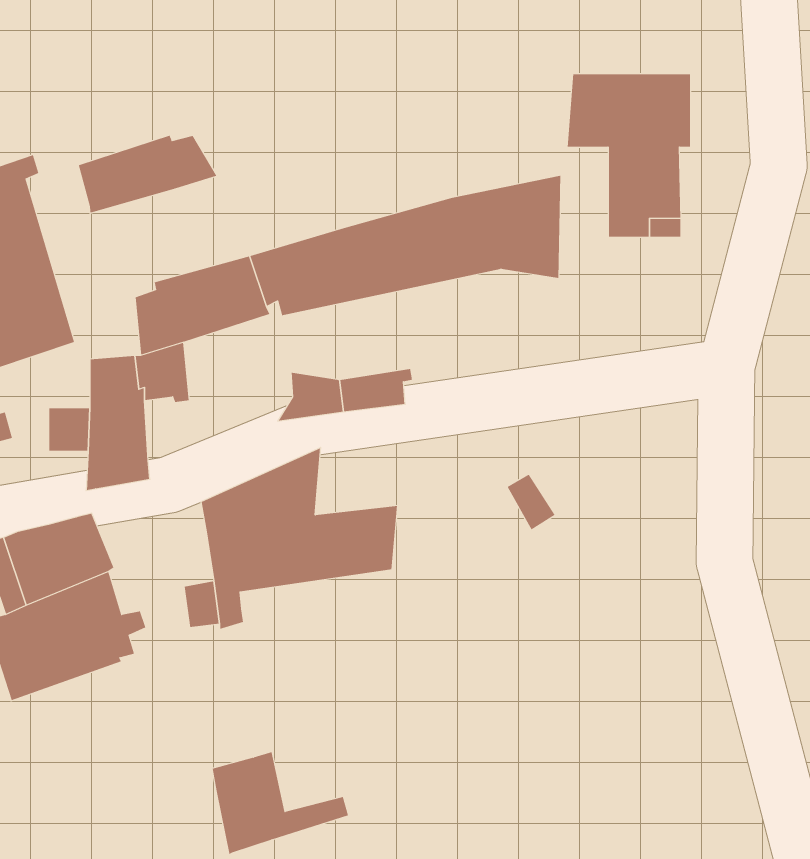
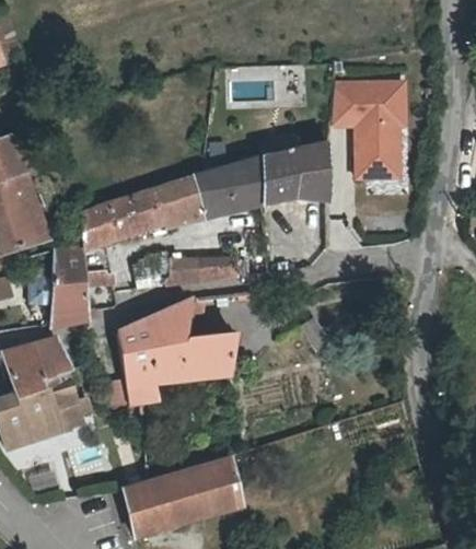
building: [78,135,217,213] -> none
building: none -> [161,458,240,515]

